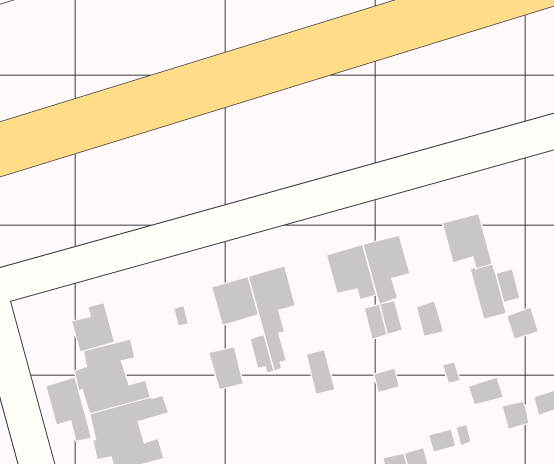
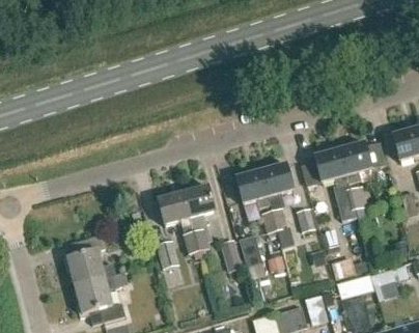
building: none -> [339,142,371,184]
building: [72,303,114,352] -> none
building: none -> [239,233,262,268]
building: [46,377,91,442] -> none

